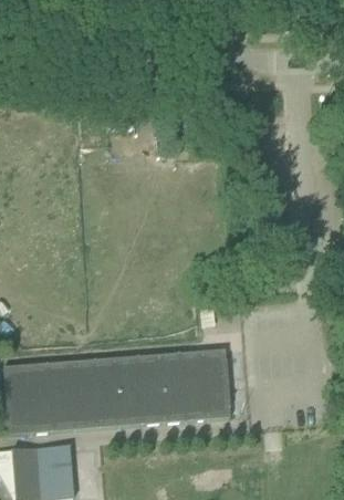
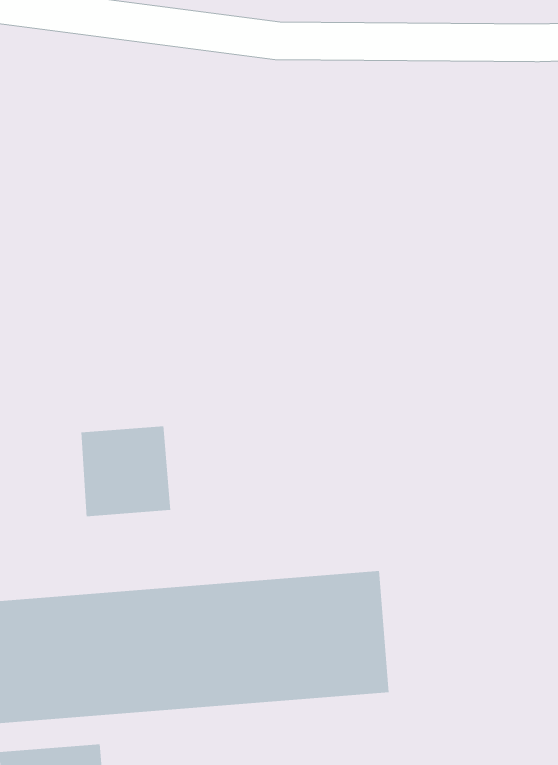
building: none -> [81,425,171,517]

